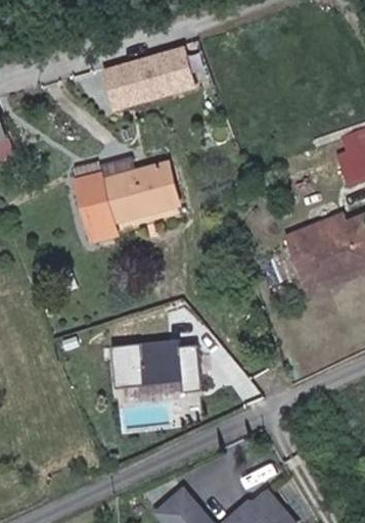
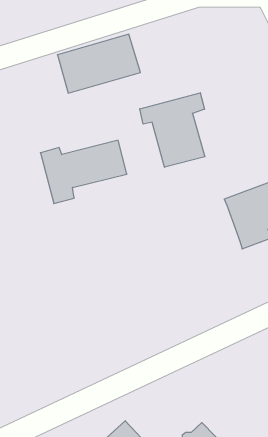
building: none -> [140,93,205,167]
building: [107,340,197,391] -> none

